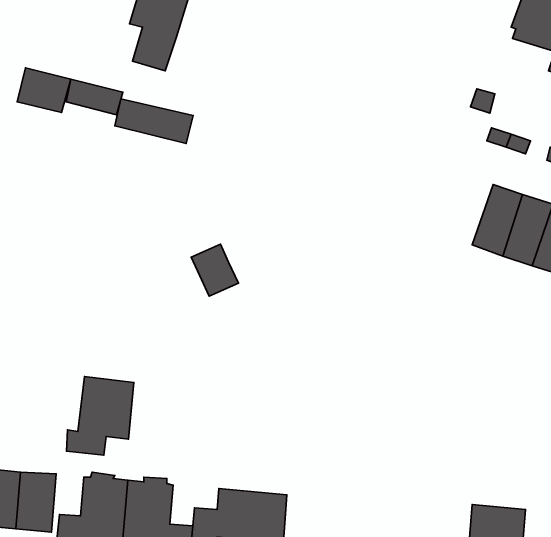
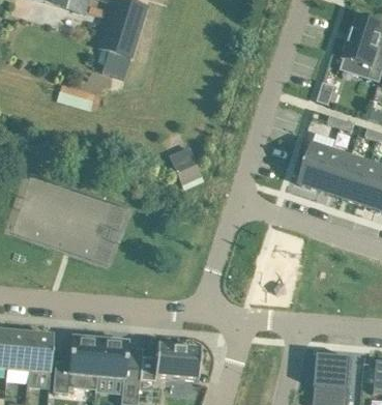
building: [17,68,71,113] -> none
building: [115,99,193,144] -> none
building: none -> [299,144,331,189]
building: [191,244,238,296] -> [169,146,199,179]
building: [66,377,134,455] -> none

